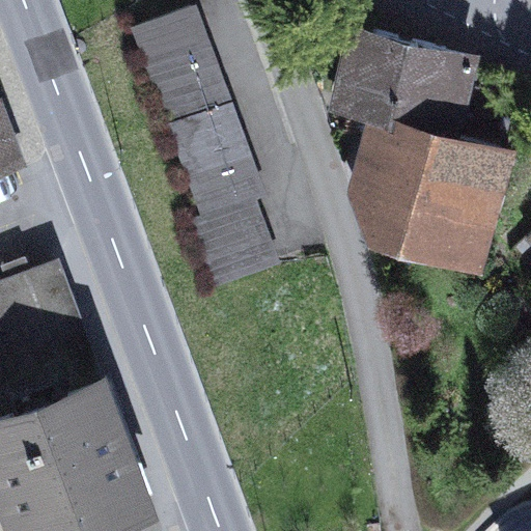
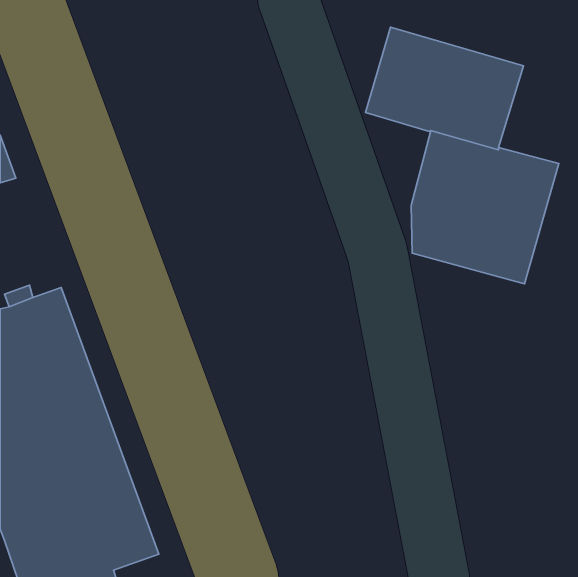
building: [136,9,276,287] -> none

